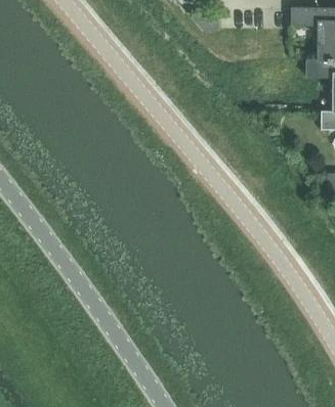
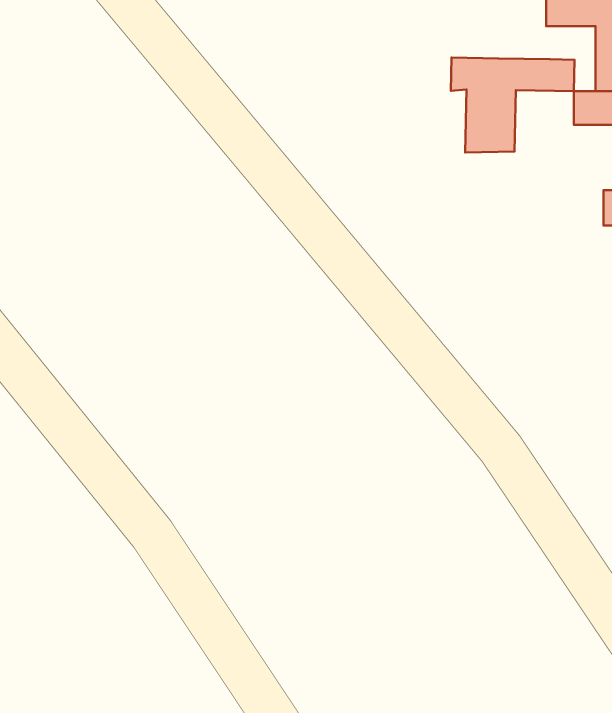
building: none -> [451,57,574,153]

